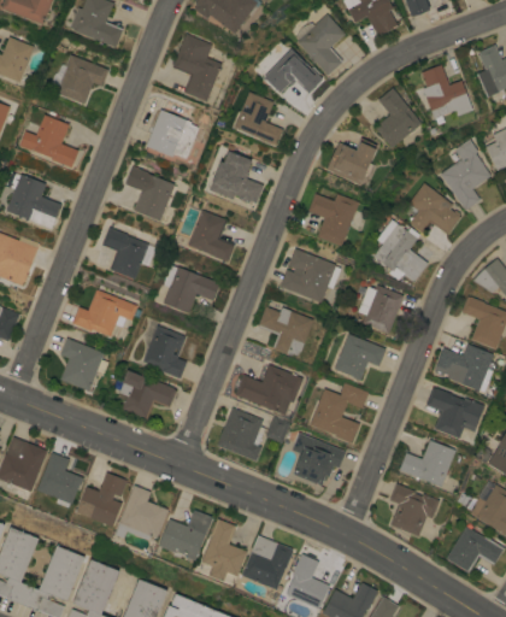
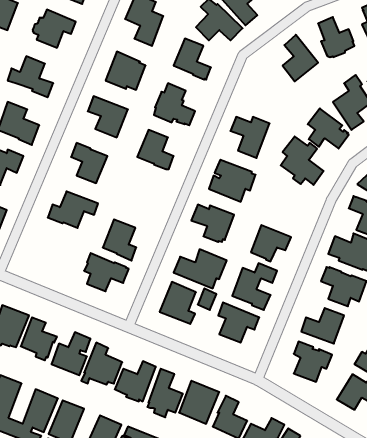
building: [326,137,378,184] -> none
building: [160,263,219,312] -> none
building: [358,284,404,333] -> none
building: [60,337,108,390] -> none

